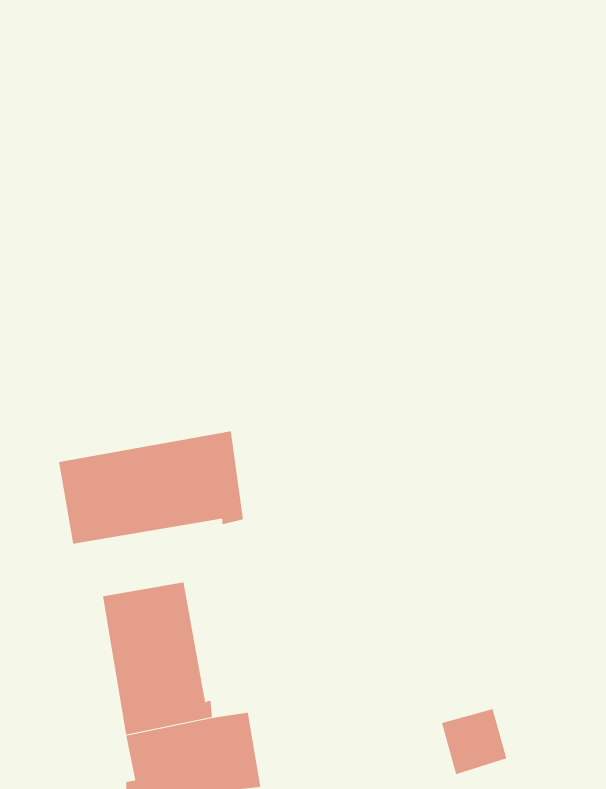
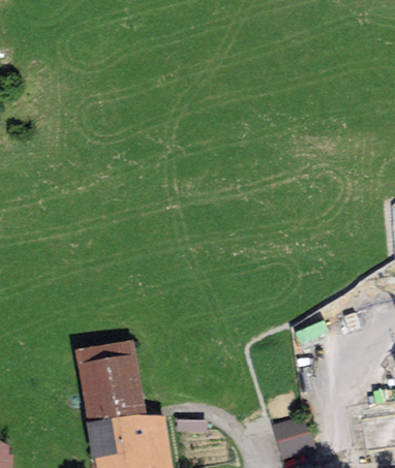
building: [58,431,243,545] -> none

